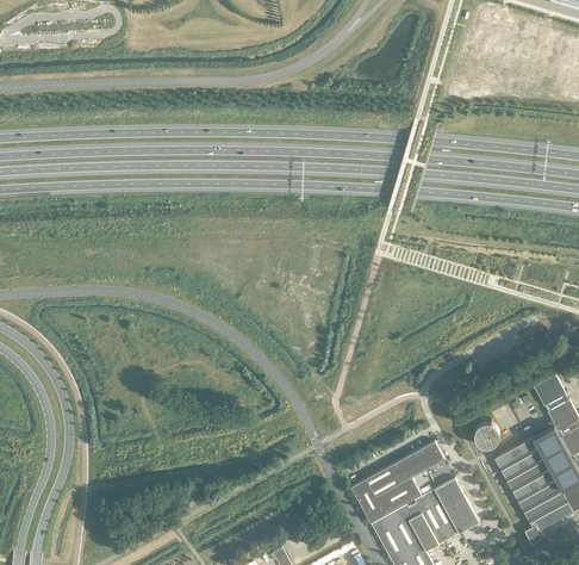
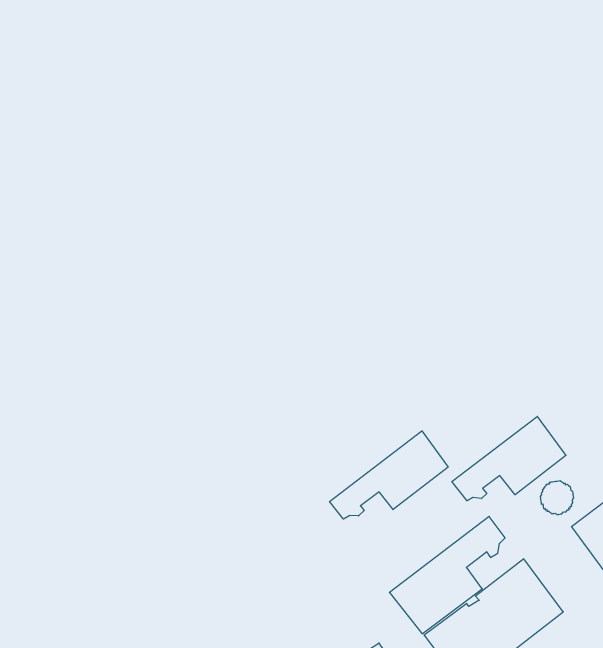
building: none -> [330,431,448,519]
building: none -> [452,416,566,501]

